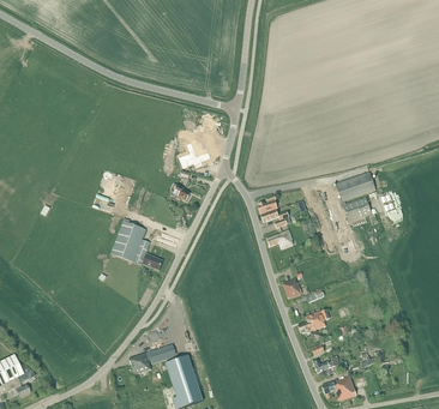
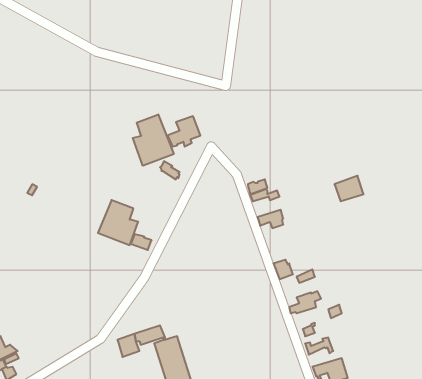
building: none -> [133,114,174,166]
building: [336,170,375,202] -> none

